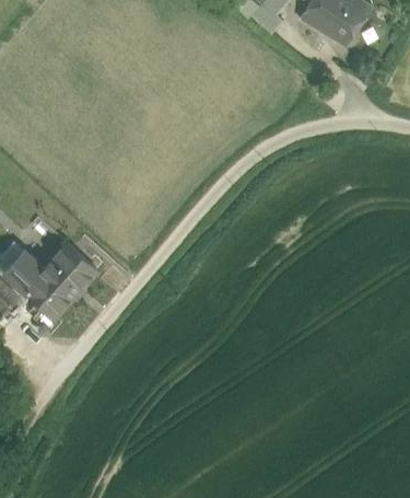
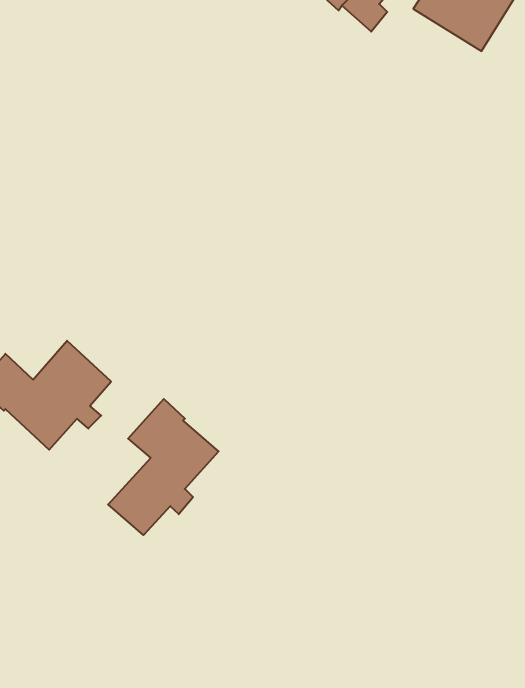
building: none -> [108,399,219,535]

